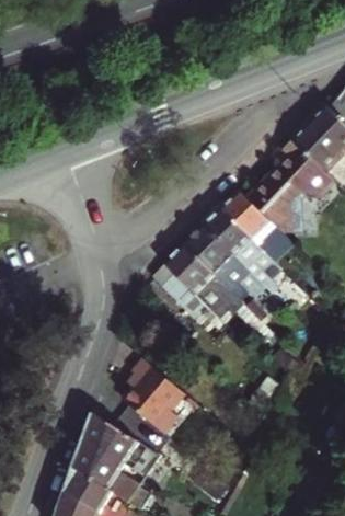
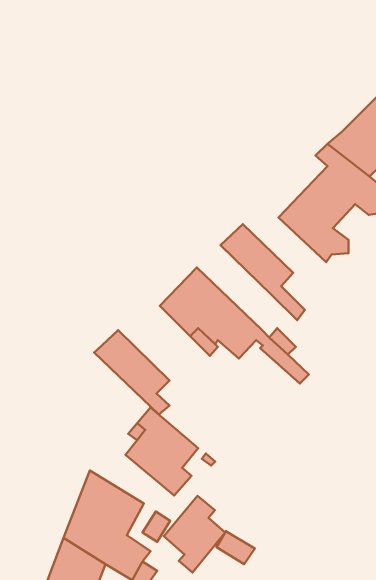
building: [221,190,302,268] -> none
building: [183,225,245,295] -> [94,330,170,415]
building: none -> [164,496,225,572]

